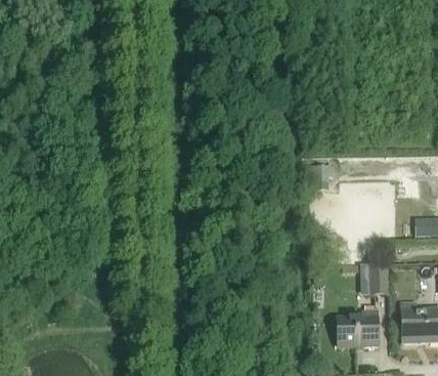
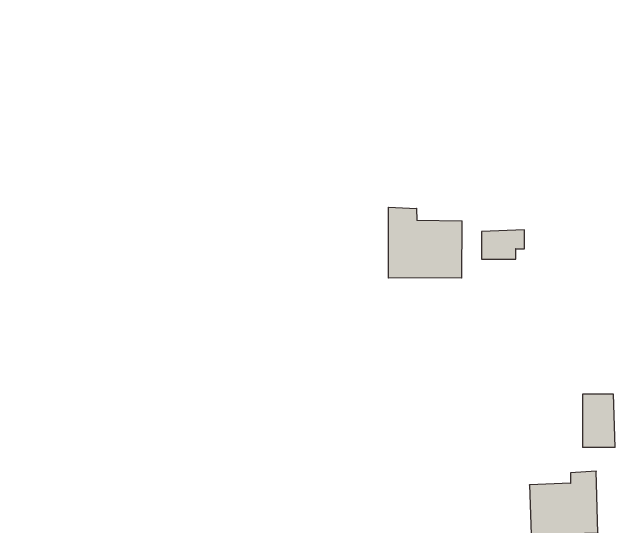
building: none -> [388,207,462,278]

